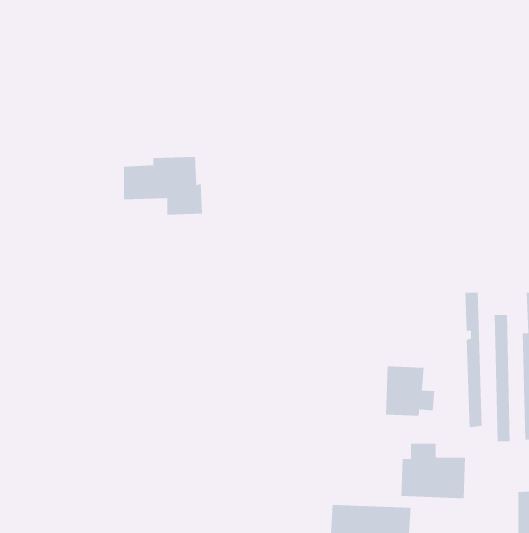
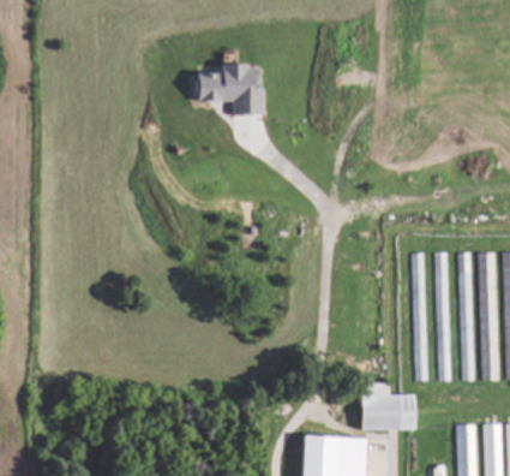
building: [123,157,203,215] -> [192,65,260,115]
building: [386,366,435,417] -> none

